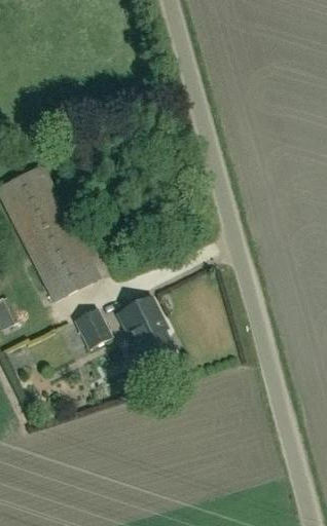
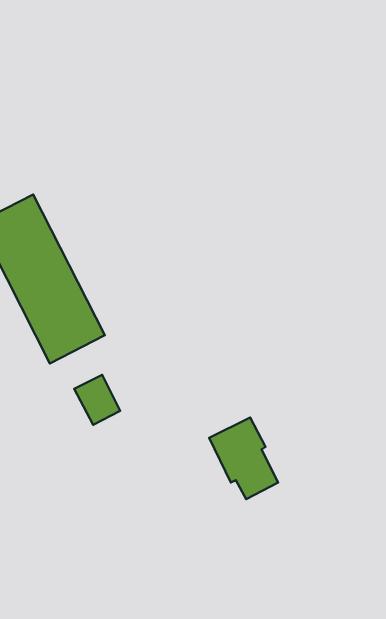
building: [118,298,174,364] -> [209,417,278,499]

